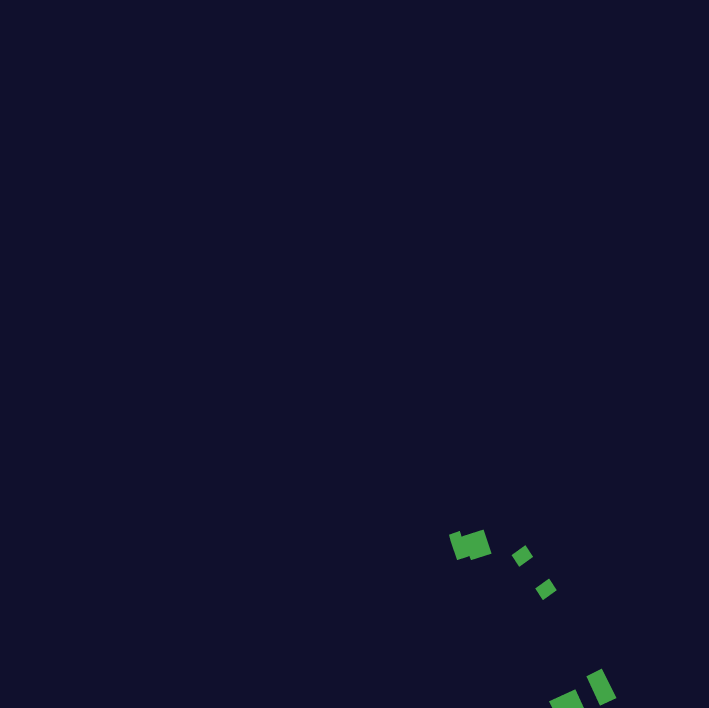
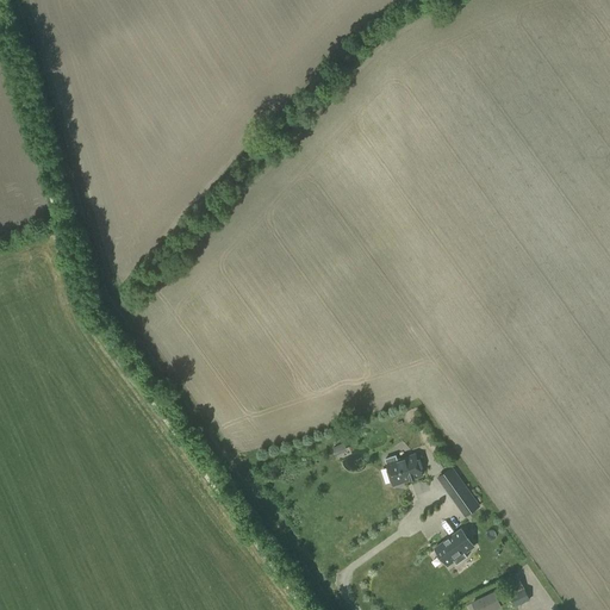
building: none -> [435,530,472,566]

